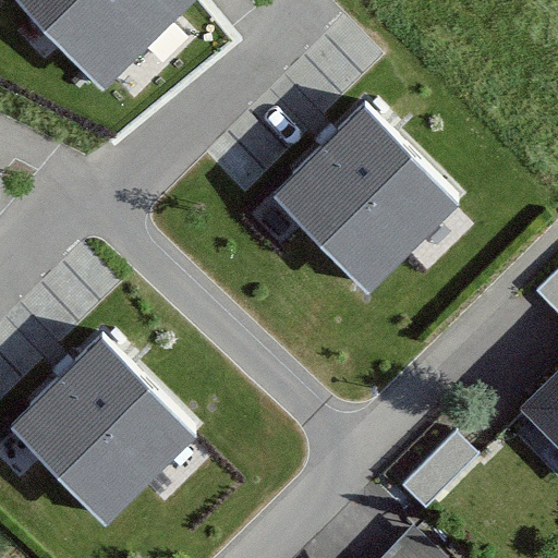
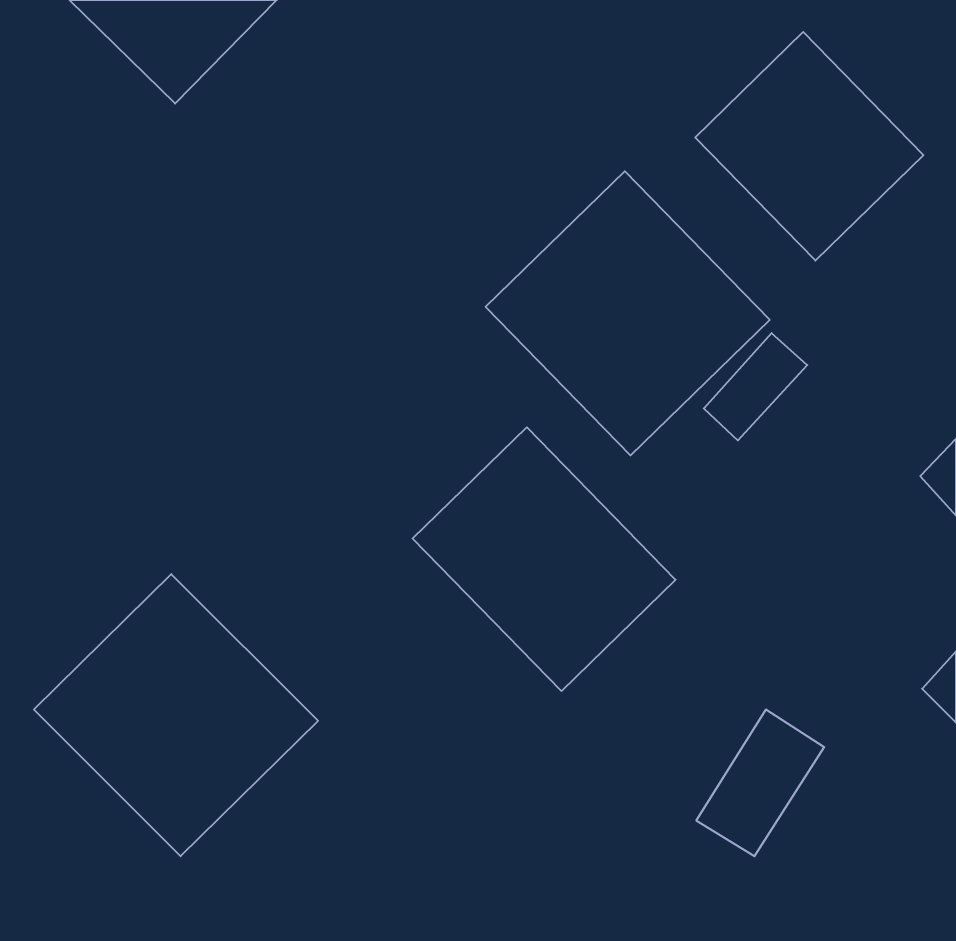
building: none -> [695,32,923,261]
building: none -> [413,427,676,691]

